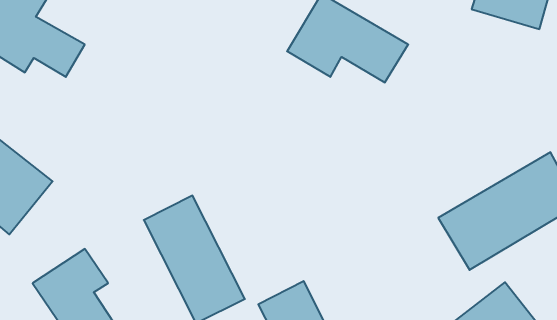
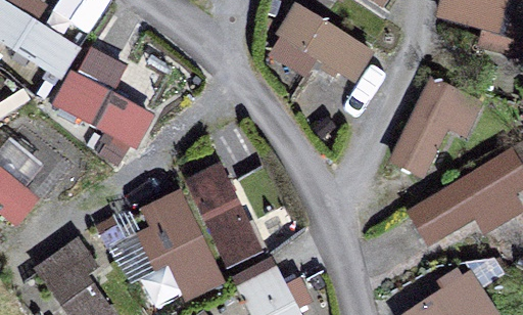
building: none -> [56,44,149,148]
building: none -> [388,92,467,183]
building: none -> [180,161,267,271]

